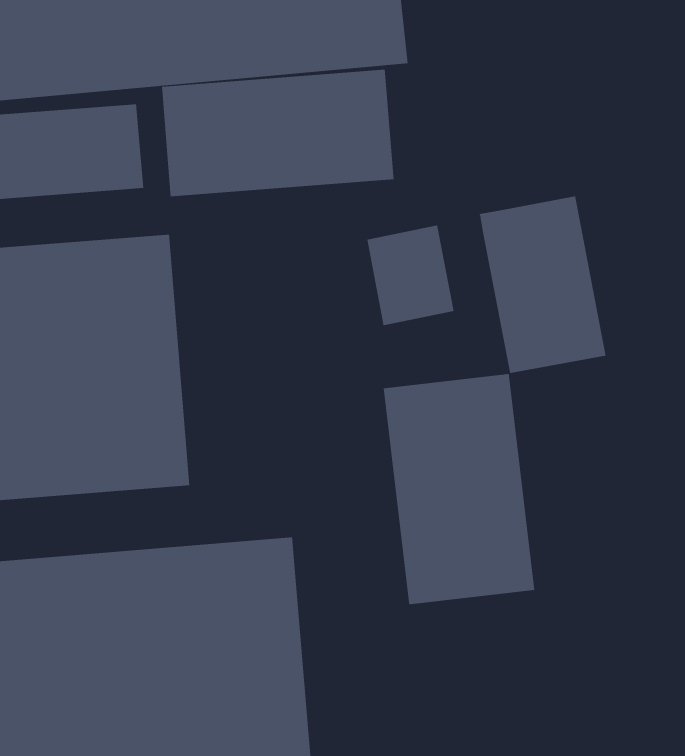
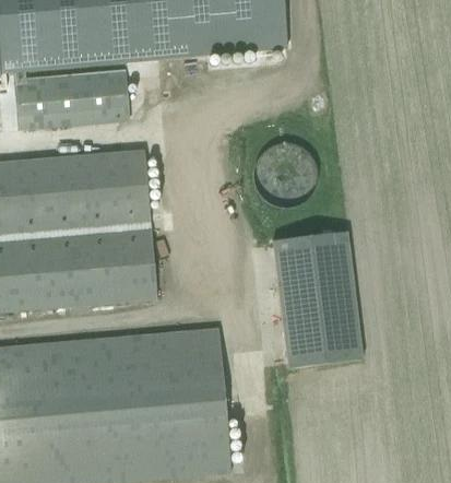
building: [161,69,394,197] -> none
building: [479,196,606,374] -> none

